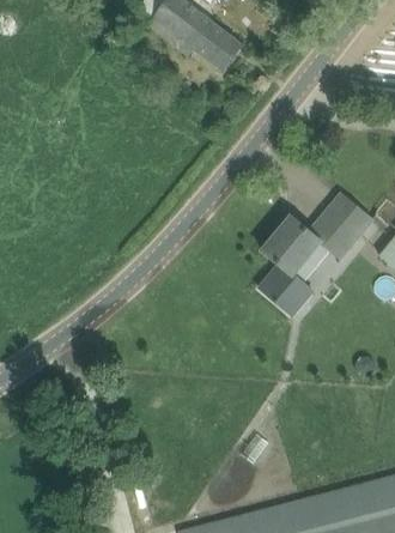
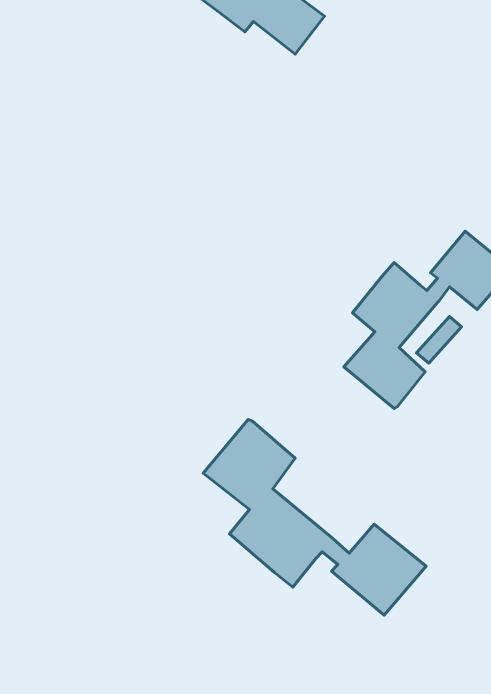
building: none -> [203,420,426,615]

